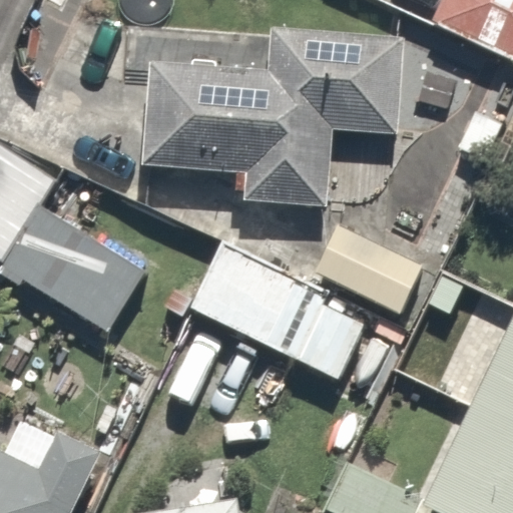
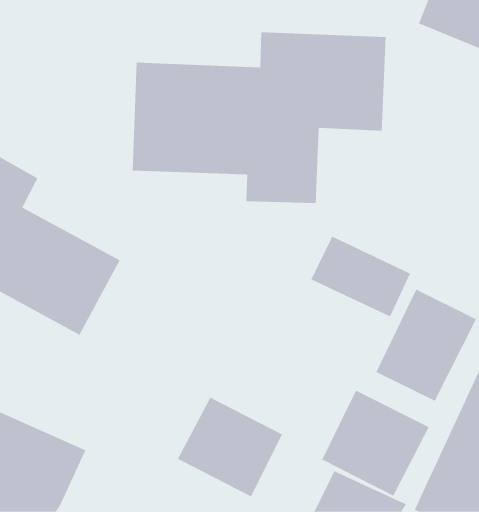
building: [182,239,385,395] -> none
building: none -> [321,390,430,496]
building: none -> [177,397,283,497]

